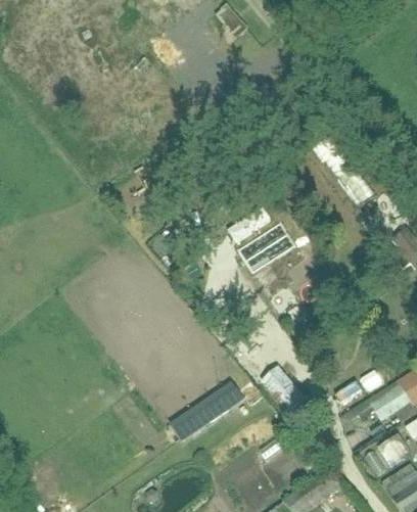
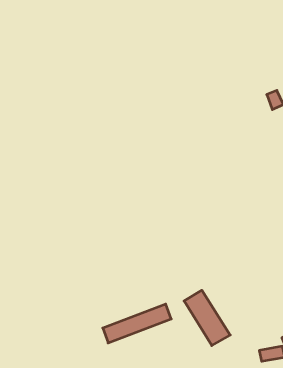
building: [234,218,295,272] -> none

